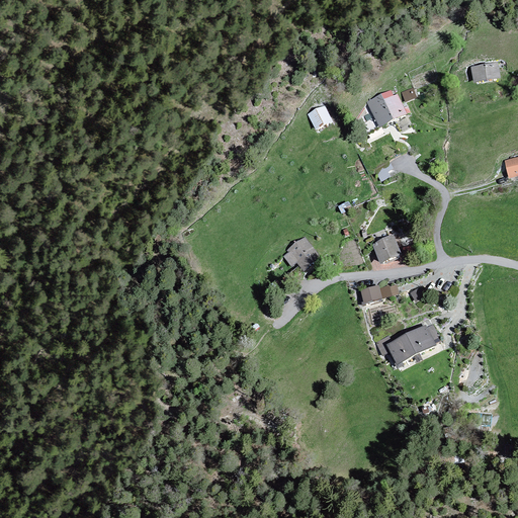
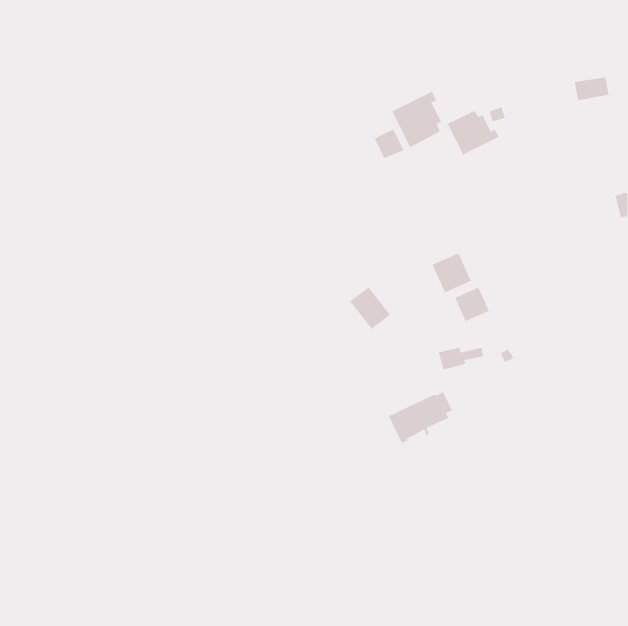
building: none -> [391,91,442,148]
building: none -> [431,252,472,293]
building: [385,323,439,366] -> [388,391,453,444]

